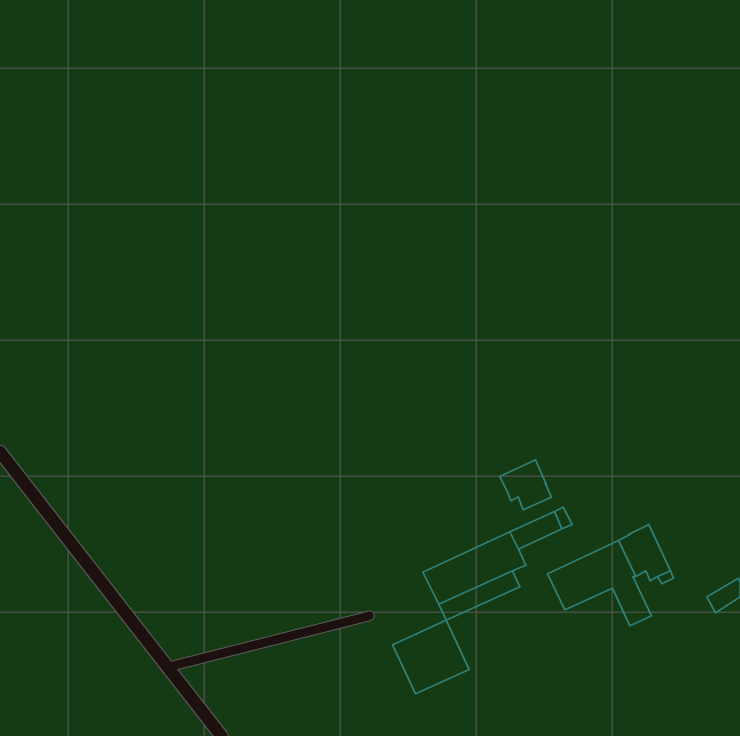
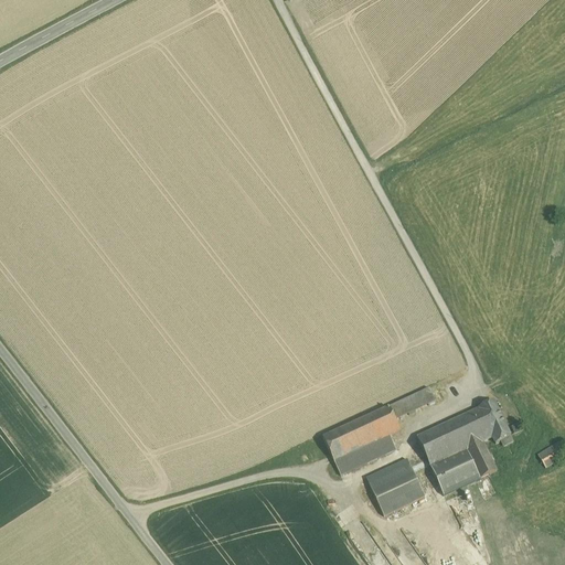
building: [500,460,551,510] -> none
building: none -> [430,448,480,494]
building: [392,620,469,694] -> [366,458,425,514]

